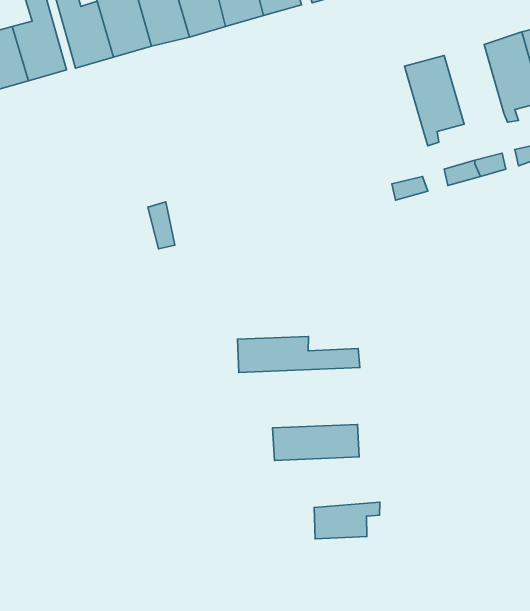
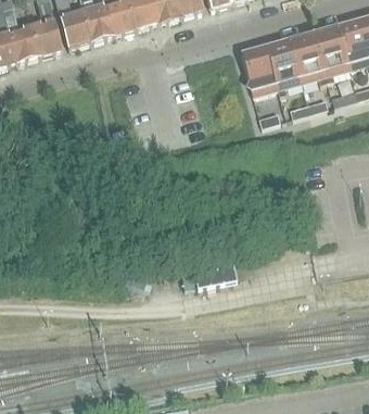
building: none -> [290,34,328,83]
building: none -> [240,47,278,96]
building: [237,336,360,373] -> none
building: [314,502,380,539] -> none

